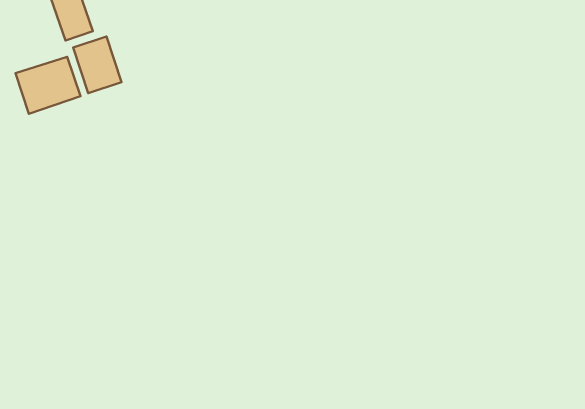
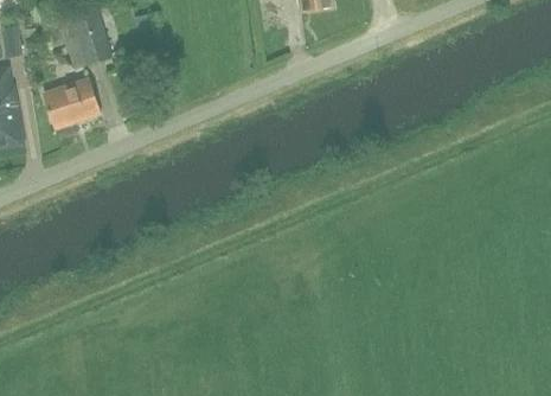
building: [73,37,122,93] -> none

